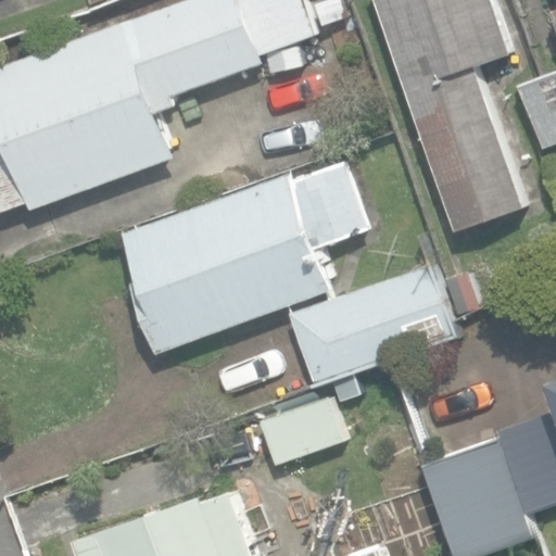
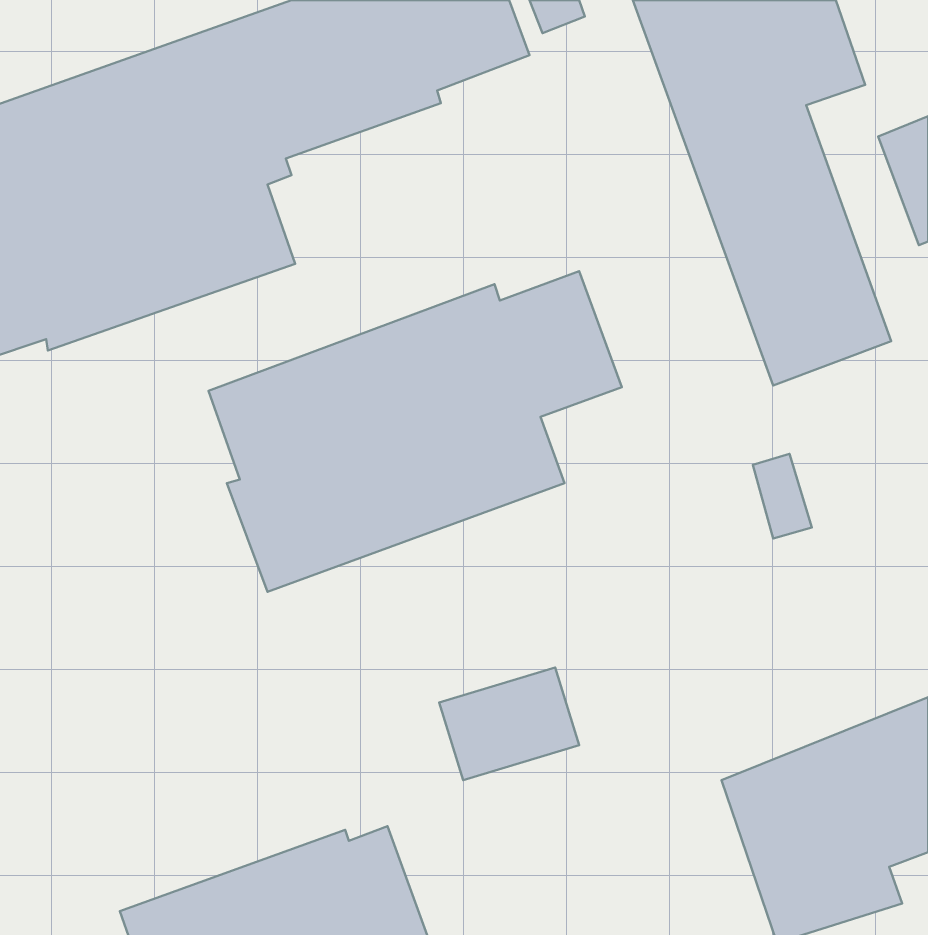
building: [288,265,454,384] -> none

